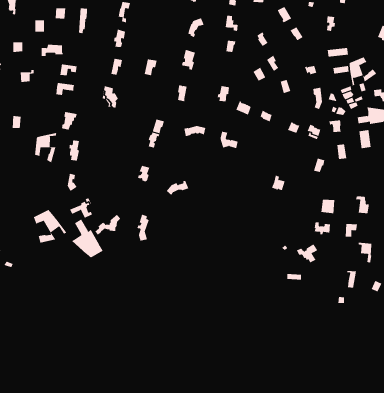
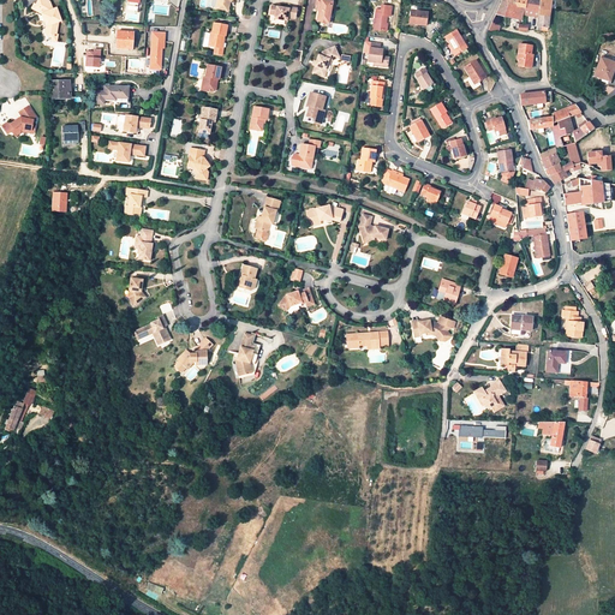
building: [34,132,57,163] -> none
building: none -> [412,316,456,339]
building: [33,209,67,243] -> none
building: none -> [344,332,384,348]
building: [71,219,103,258] -> none

